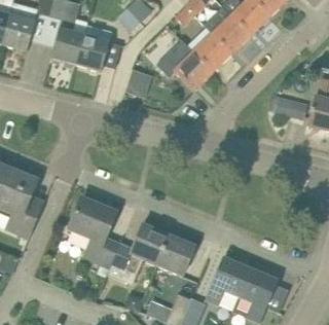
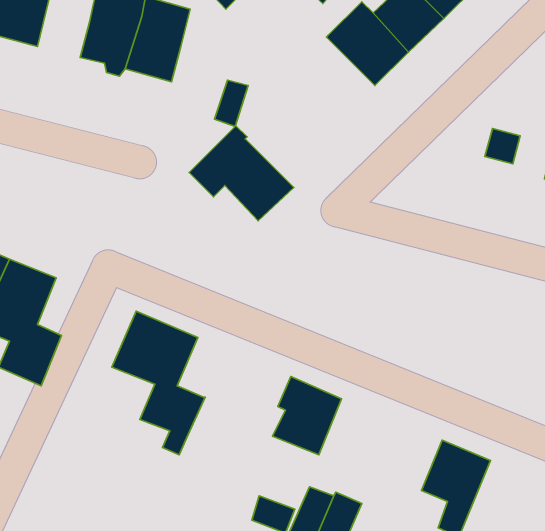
building: [156,39,214,92] -> [189,126,294,221]
building: [108,223,168,285] -> none
building: [207,258,251,311] -> none

